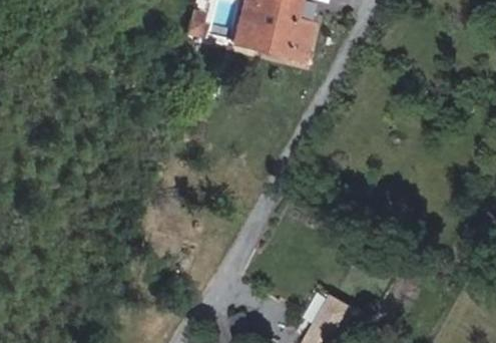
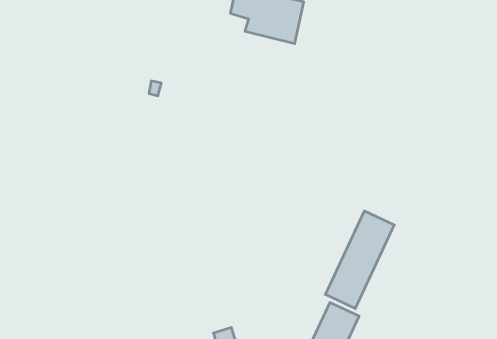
building: none -> [325,211,394,309]

